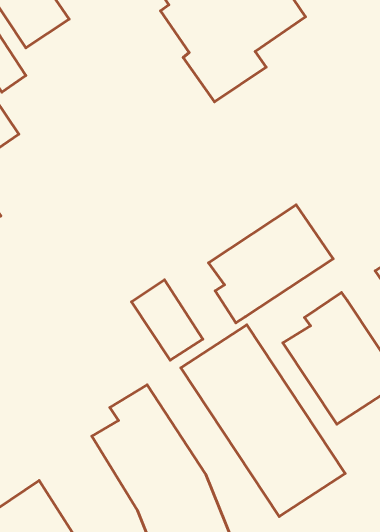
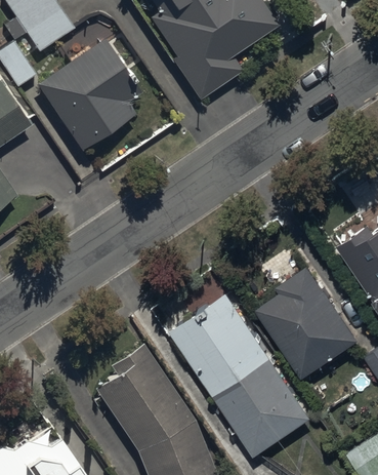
building: none -> [36,41,149,153]
building: [208,205,333,323] -> none
building: [132,280,203,360] -> none

